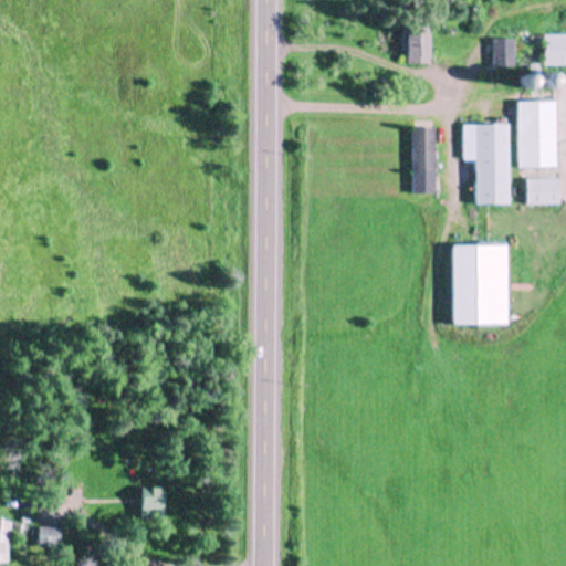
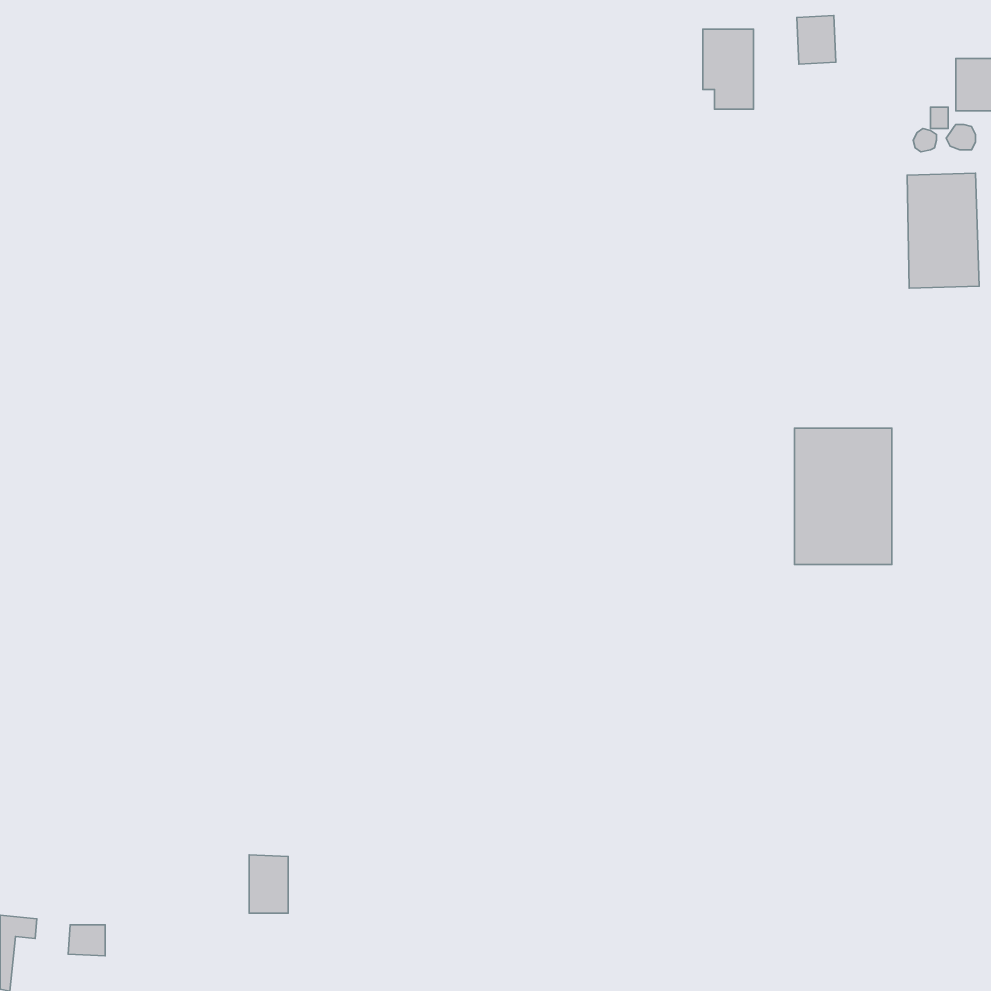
building: [492,39,514,66] -> [797,16,836,64]
building: [463,123,510,202] -> none
building: [411,129,436,196] -> none
building: [526,179,560,203] -> none

